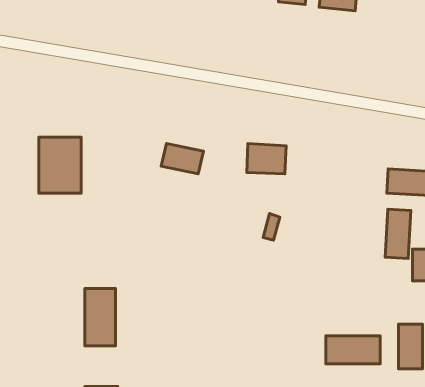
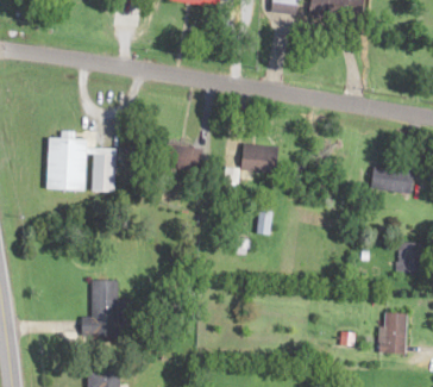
building: none -> [90,149,115,192]
building: [385,209,411,259] -> none
building: [326,336,380,364] -> none

